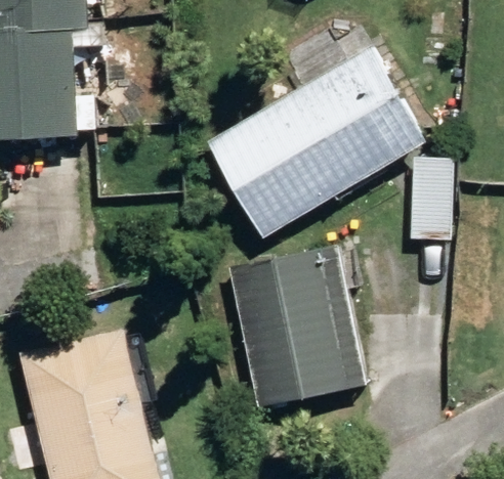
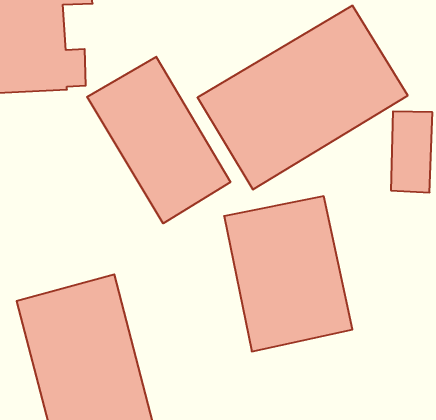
building: none -> [87,57,230,223]

